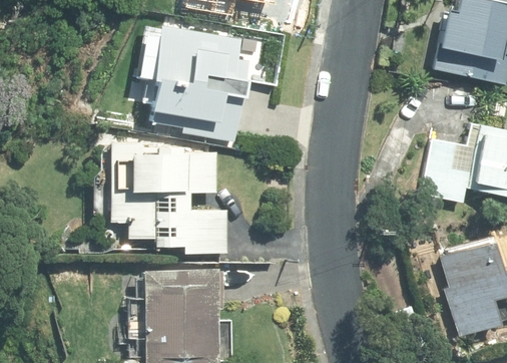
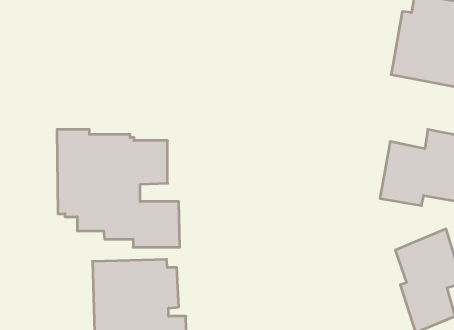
building: [136,19,249,141] -> none

